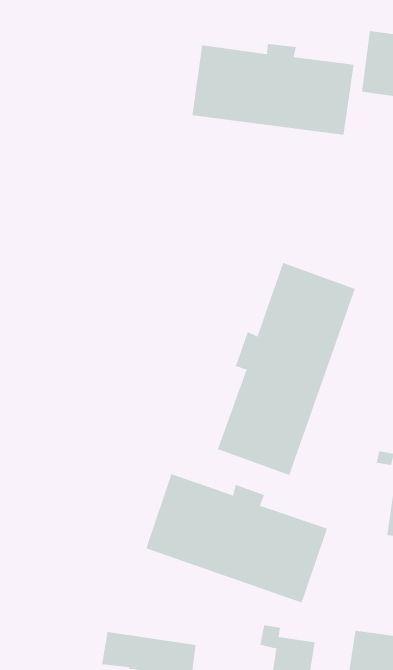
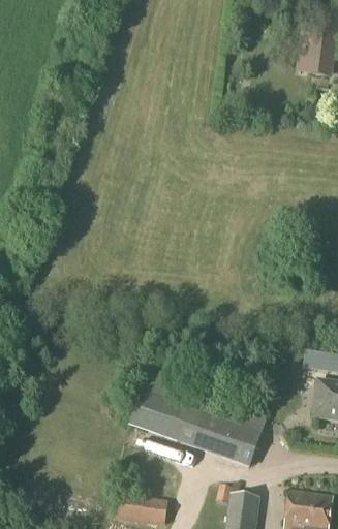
building: [192,43,354,136] -> none
building: [217,262,355,476] -> none

